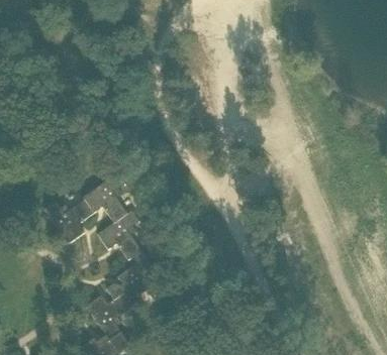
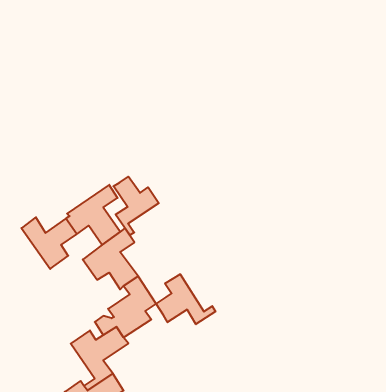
building: none -> [113,177,159,235]
building: none -> [156,274,215,324]

